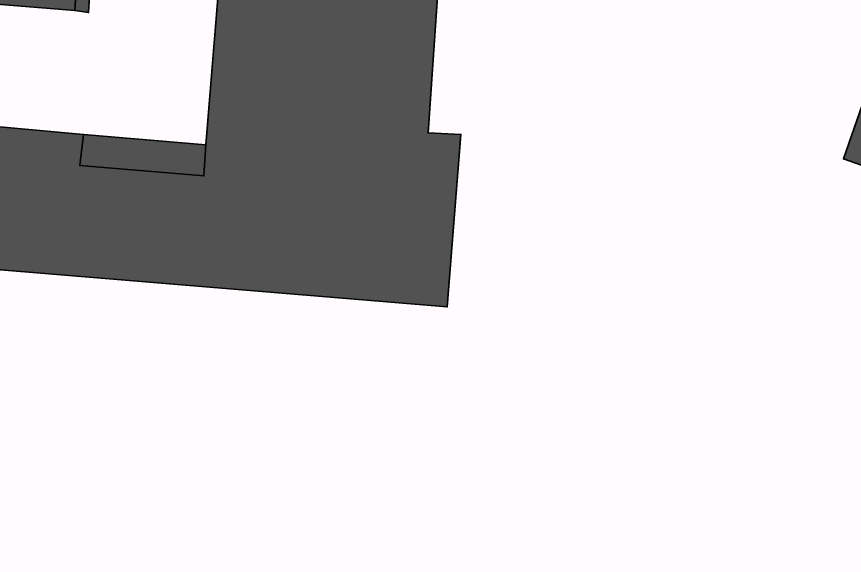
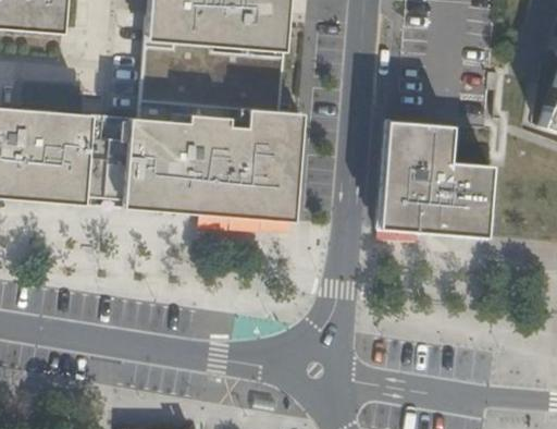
building: none -> [379,125,492,242]

